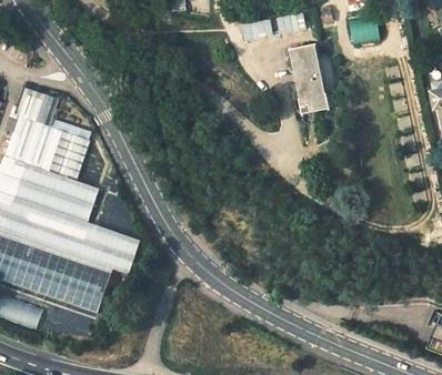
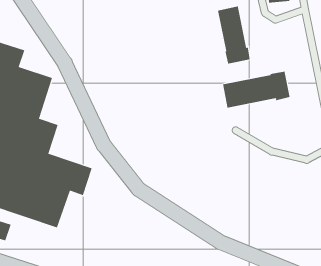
building: none -> [223,71,290,109]

